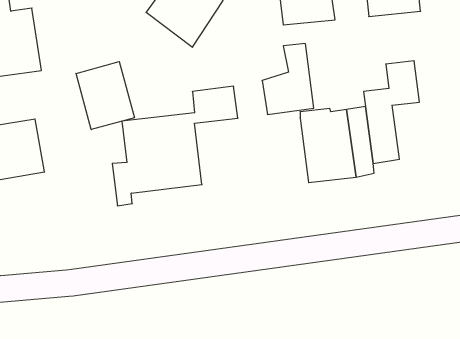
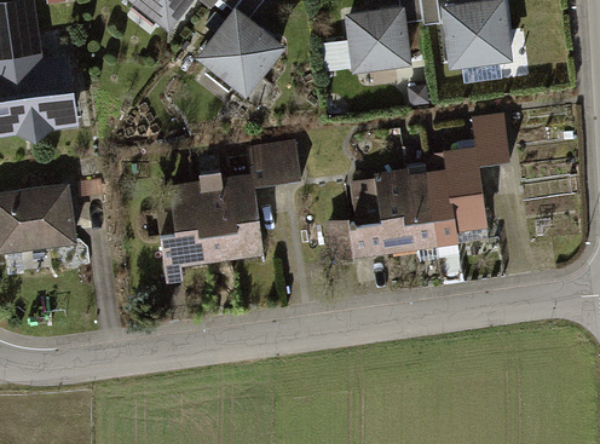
building: [262,44,314,114] -> [323,179,382,260]
building: [76,62,134,130] -> none

